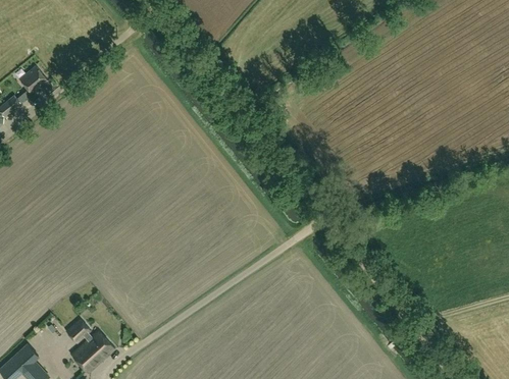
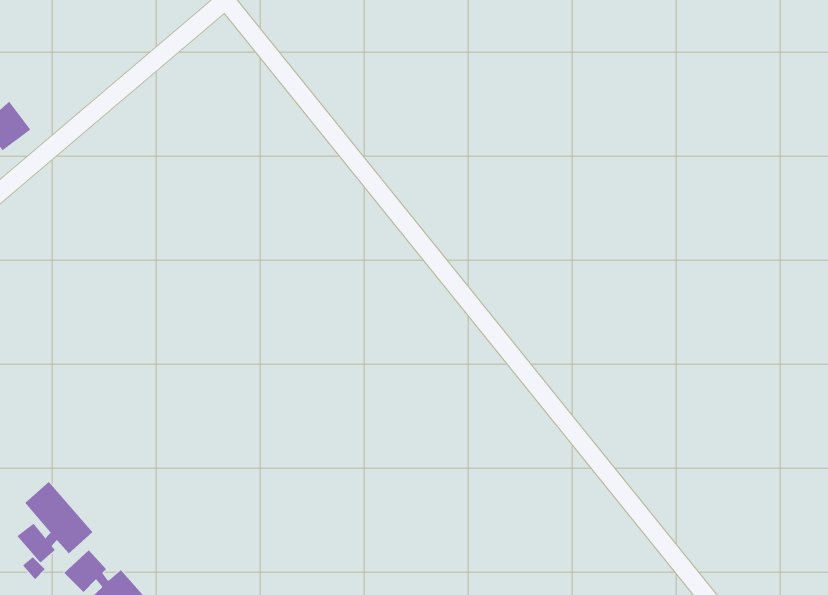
building: none -> [17,481,93,563]

